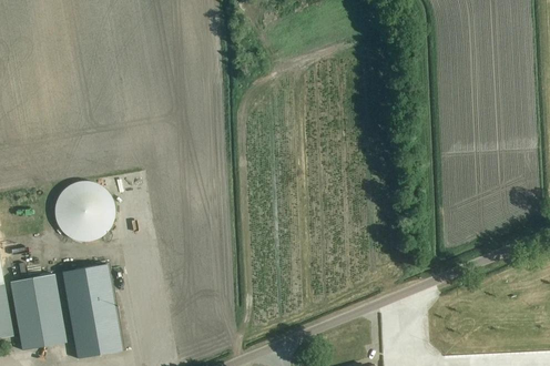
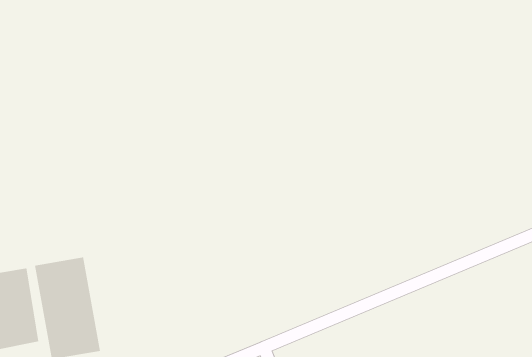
building: [55,183,115,243] -> none

